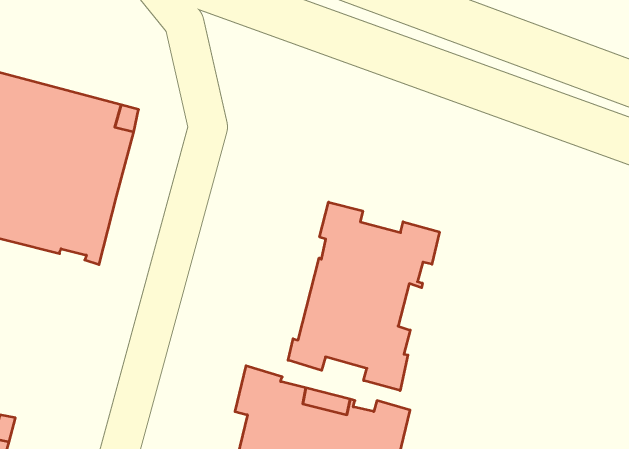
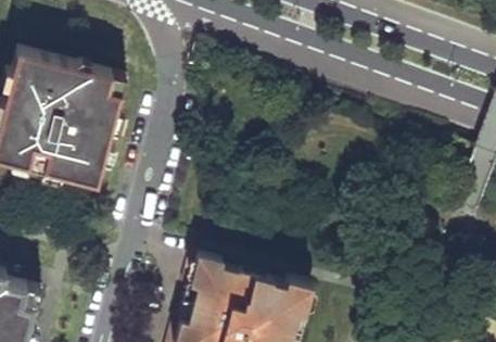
building: [288,202,439,391] -> none

